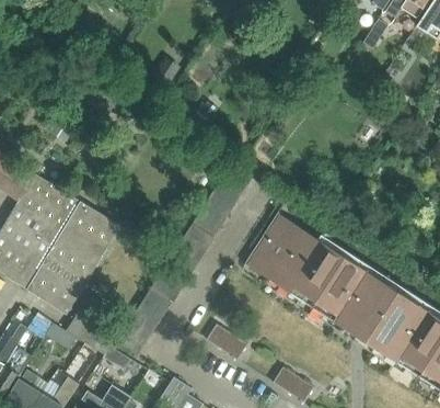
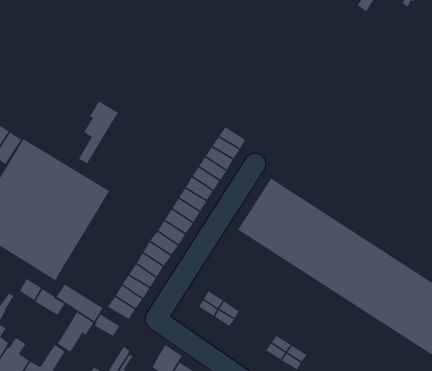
building: none -> [78,101,119,164]

